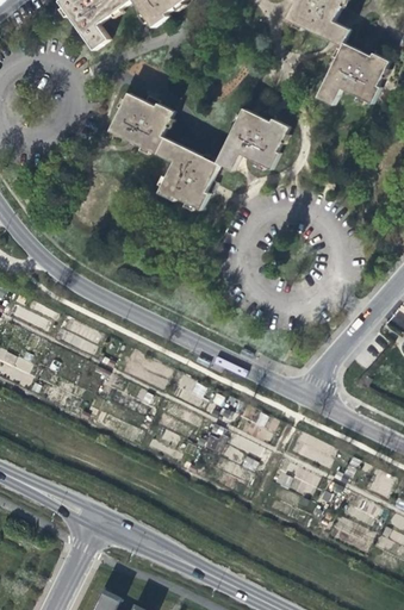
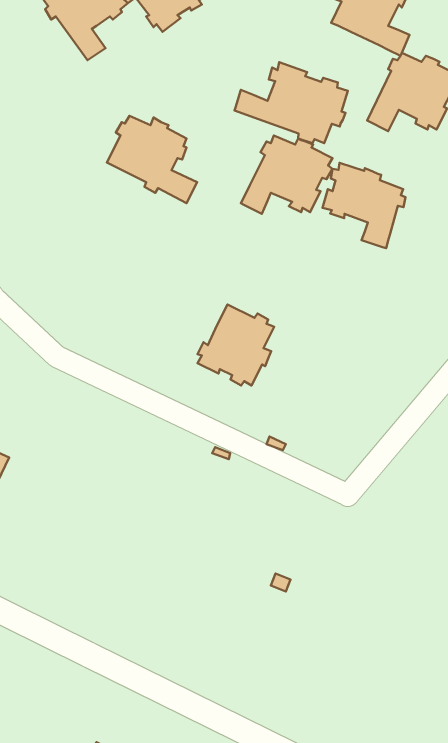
building: none -> [235,62,348,143]
building: none -> [323,163,405,248]
building: [157,145,218,210] -> [197,304,274,386]

